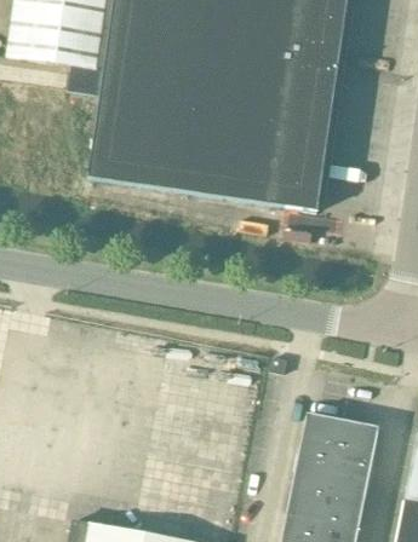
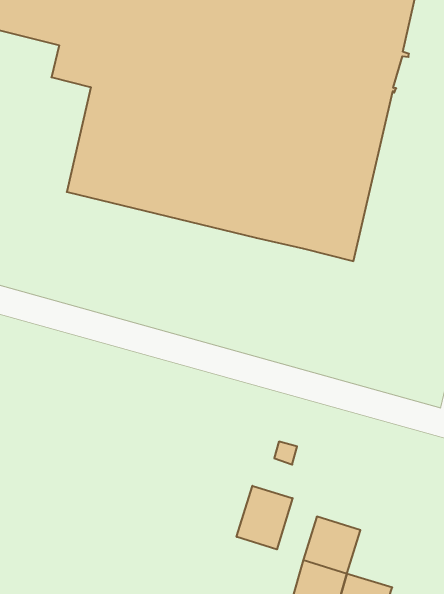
building: none -> [237,486,293,549]
building: [336,420,379,462] -> none

